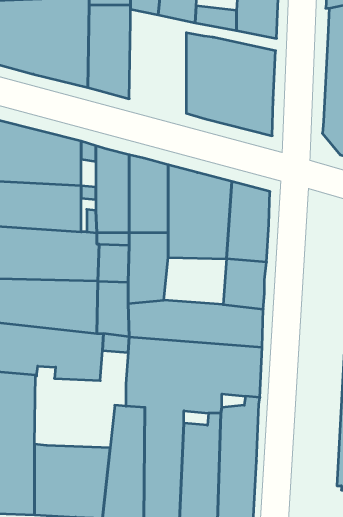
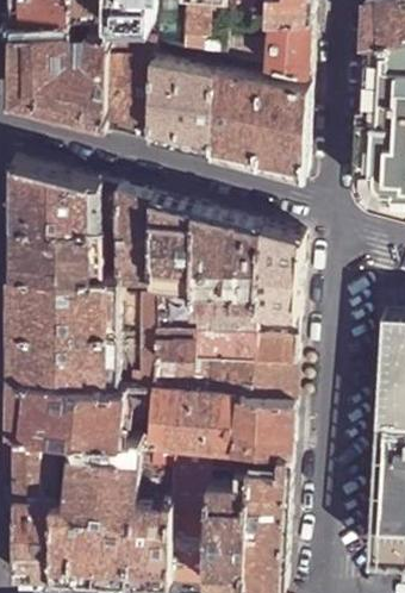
building: none -> [150,55,211,152]
building: none -> [187,306,254,356]
building: none -> [62,433,147,508]

